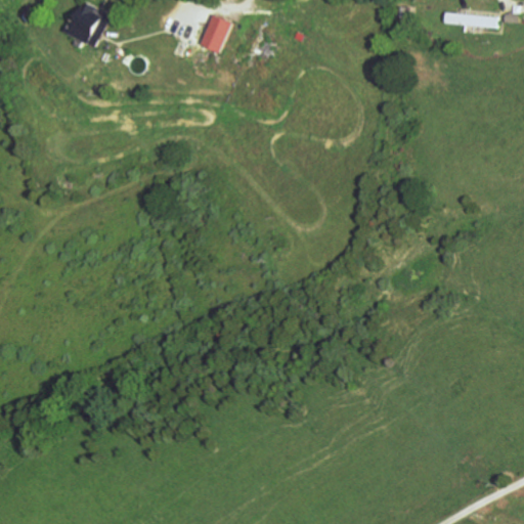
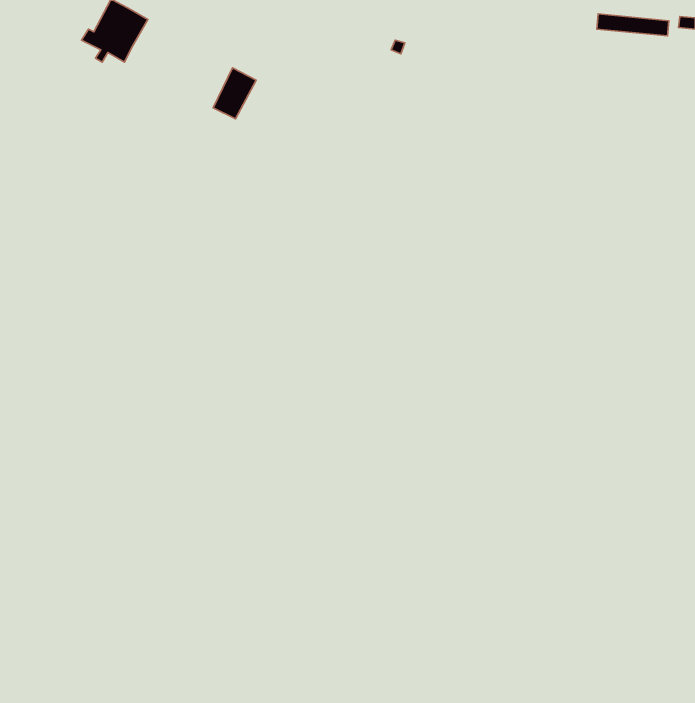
building: [199,14,230,52] -> [213,68,256,119]

